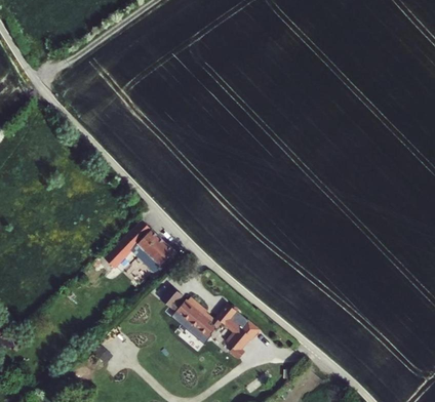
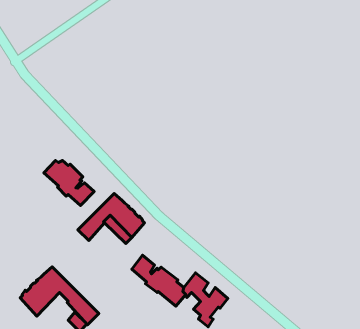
building: none -> [44,161,94,205]
building: none -> [20,267,99,325]

